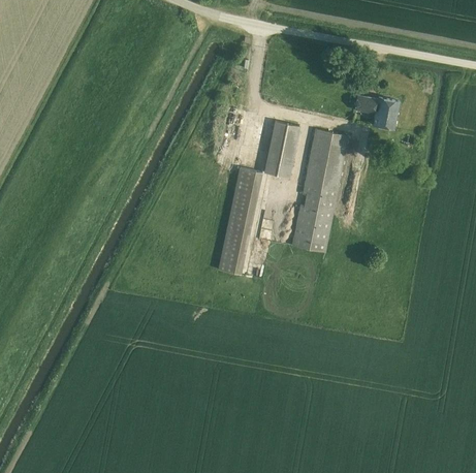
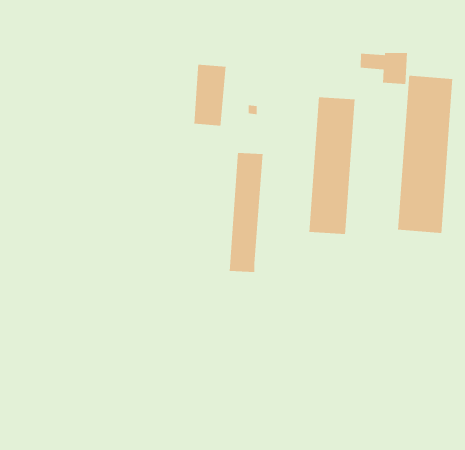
building: none -> [397,75,453,234]
building: [264,121,299,178] -> [193,64,226,127]

